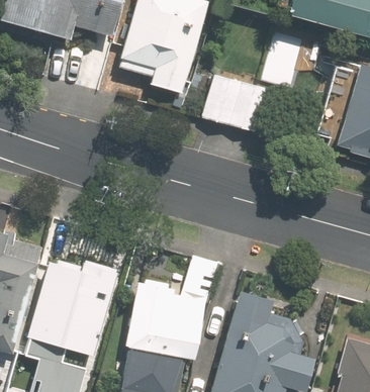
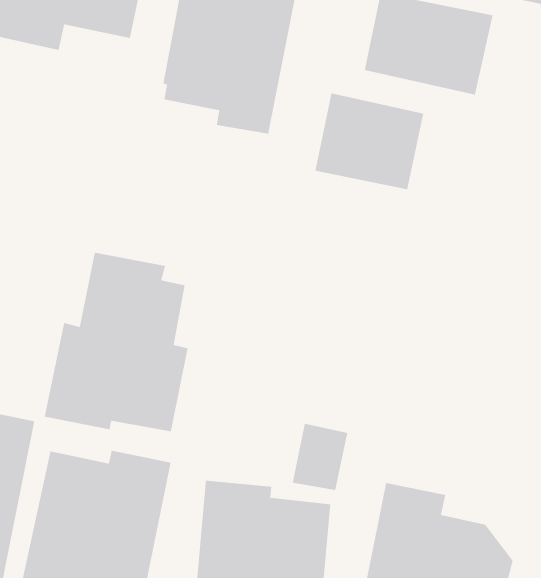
building: none -> [44,252,189,432]

